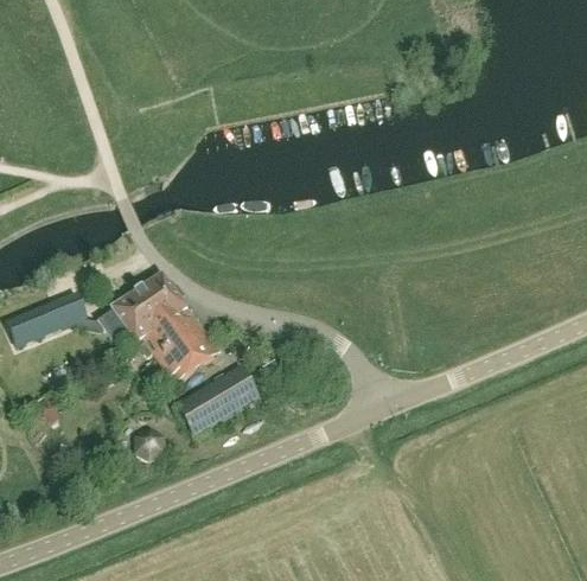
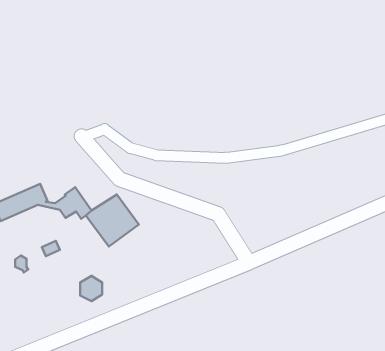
building: [126,273,186,331] -> none
building: [174,365,260,436] -> none

